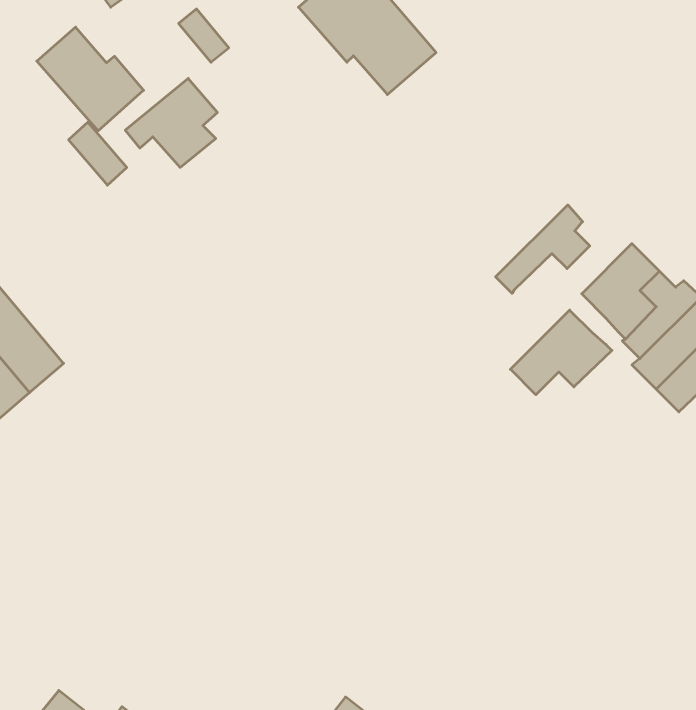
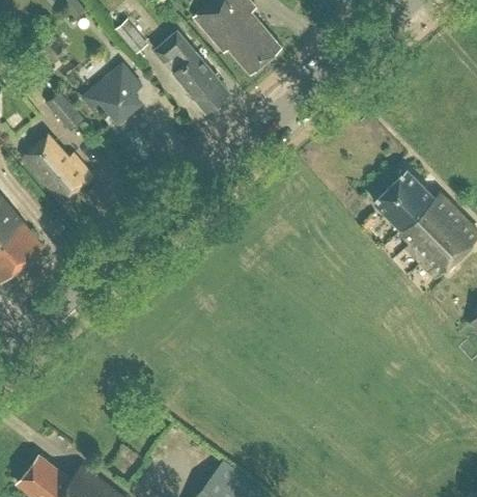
building: none -> [152,31,229,112]
building: [37,27,144,131] -> [23,137,91,203]
building: [496,205,590,293] -> none
building: [510,310,612,395] -> none

